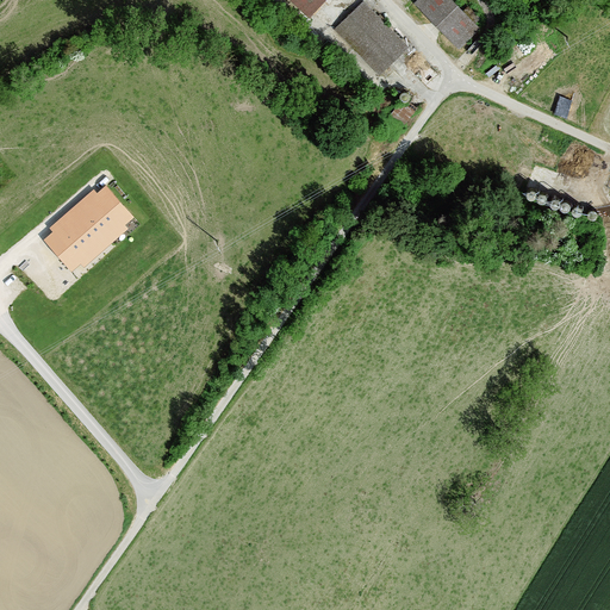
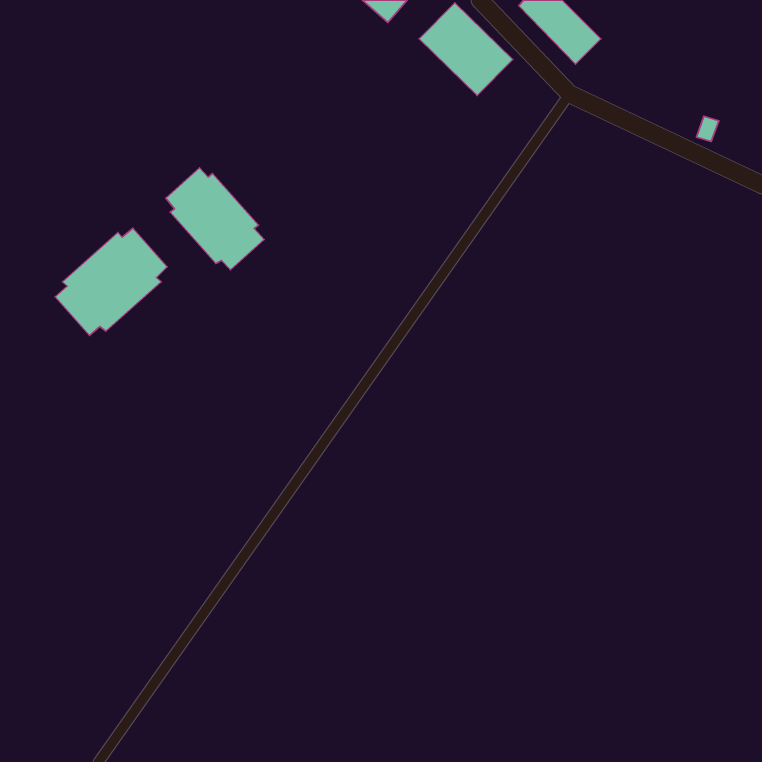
building: none -> [166,168,264,270]

